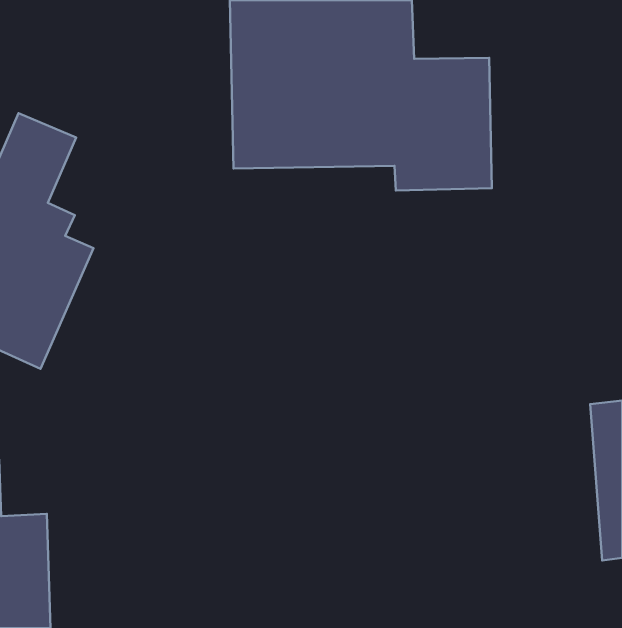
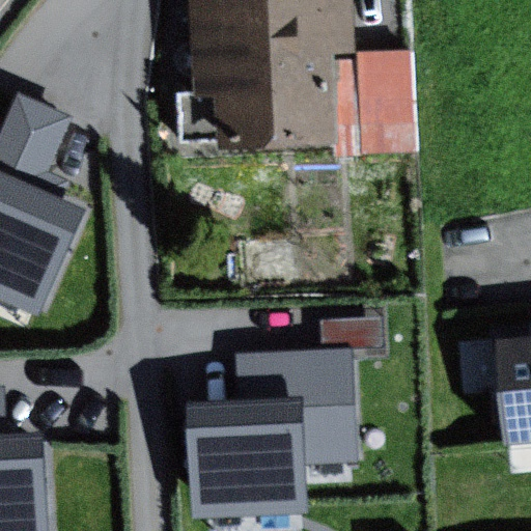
building: none -> [189,350,350,513]

